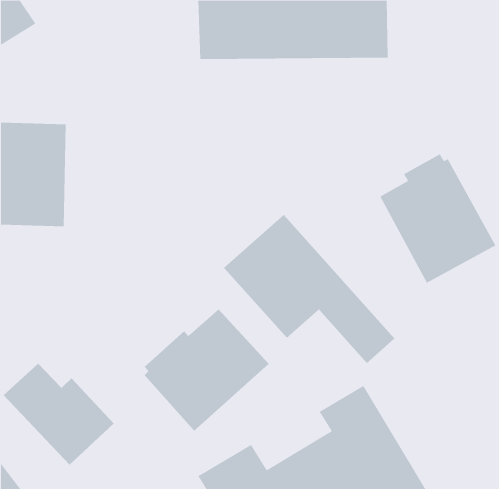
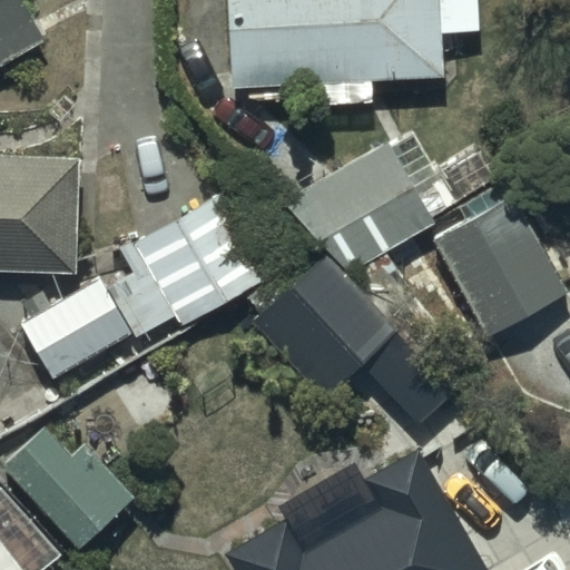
building: none -> [281,142,434,273]
building: none -> [23,193,268,377]
building: [144,308,269,431] -> none

